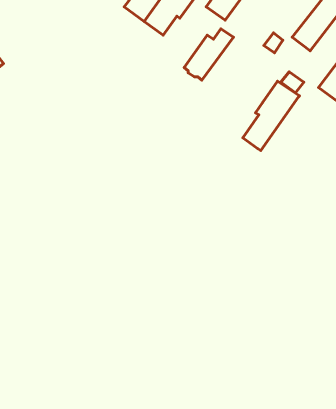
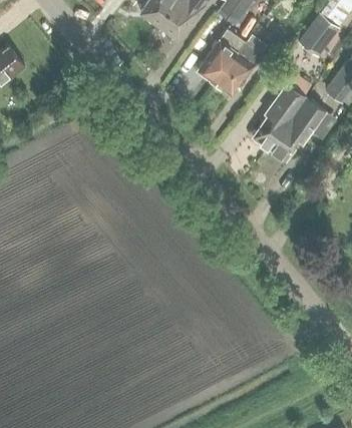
building: none -> [214,41,262,95]
building: none -> [270,98,325,160]

